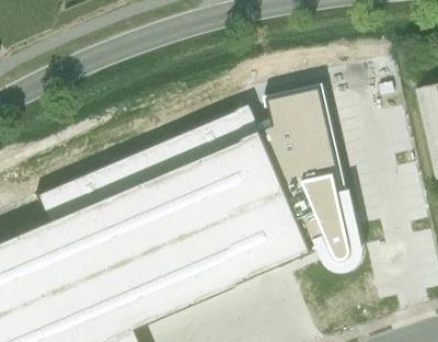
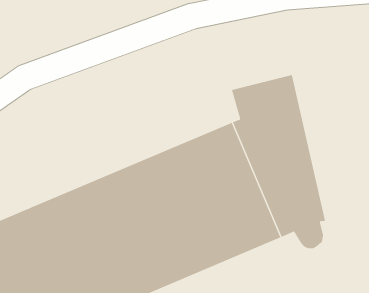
building: [34,104,260,221] -> none

